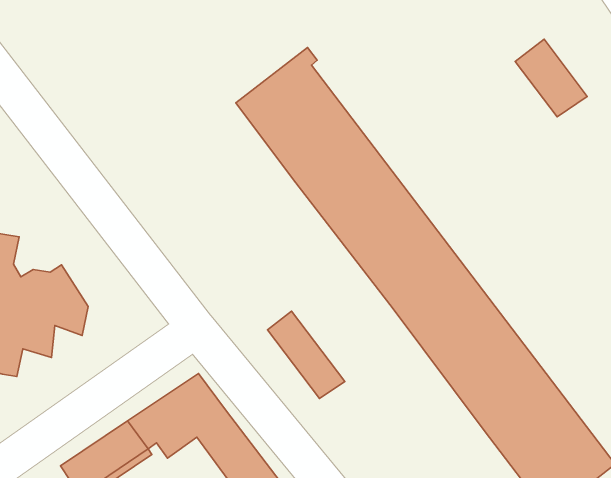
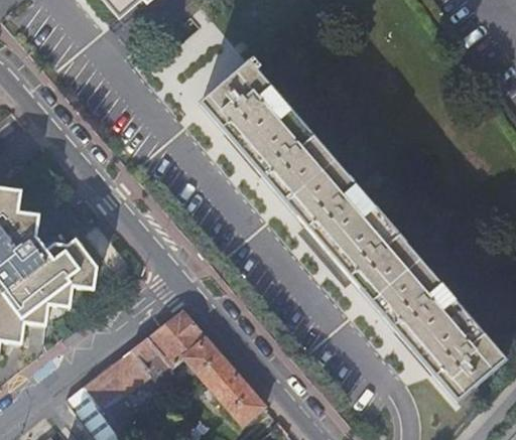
building: [515,39,587,117] -> none
building: [267,311,345,398] -> none

